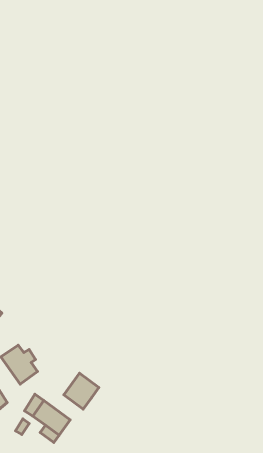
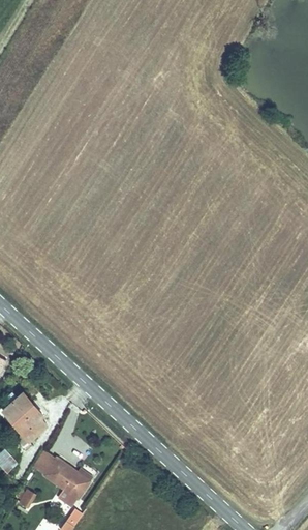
building: [64,373,99,409] -> none

